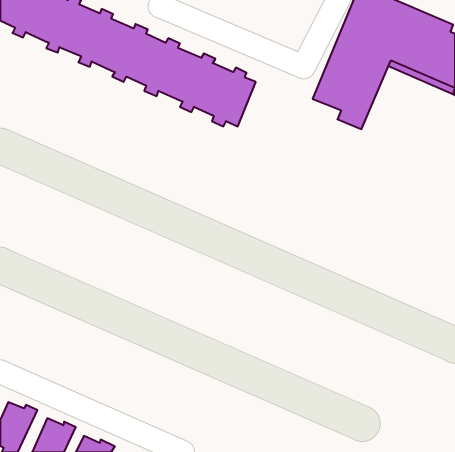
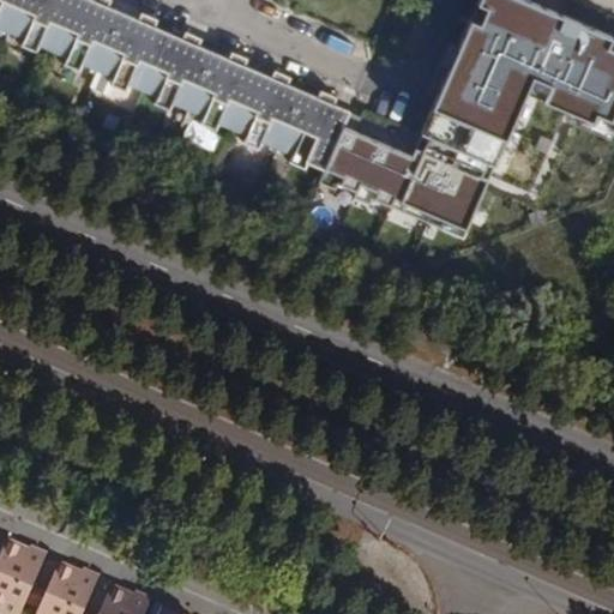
building: none -> [315,112,482,236]

